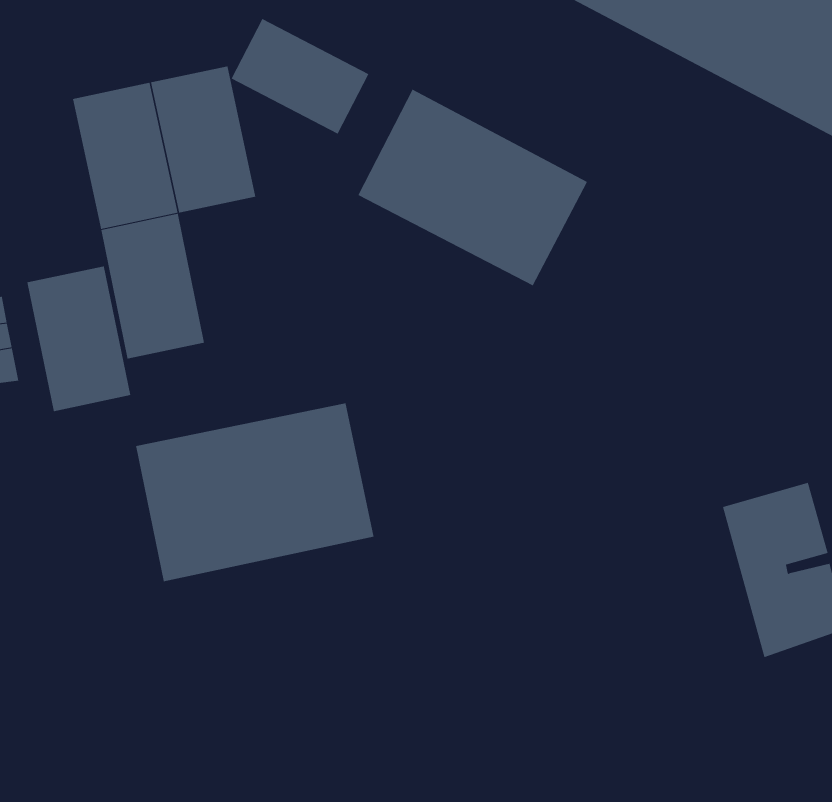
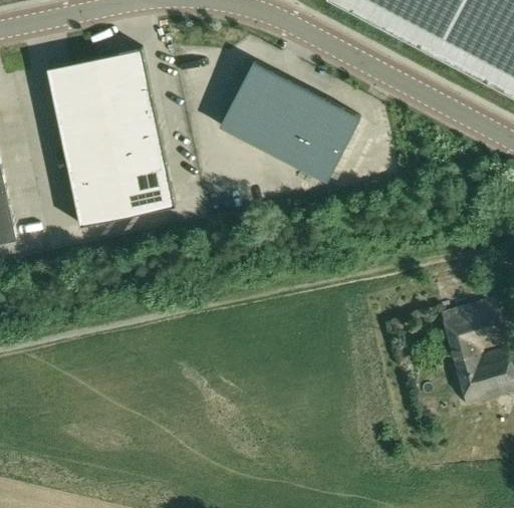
building: [231,18,369,134] -> none
building: [27,266,131,412] -> [110,128,174,216]
building: [136,402,374,582] -> none

